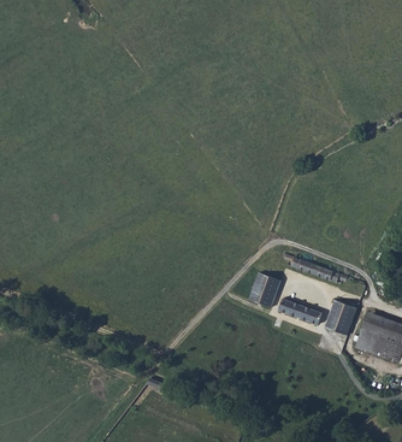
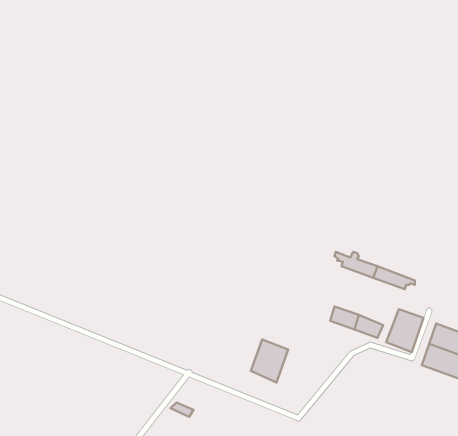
building: [250,272,282,308] -> [251,339,288,382]

